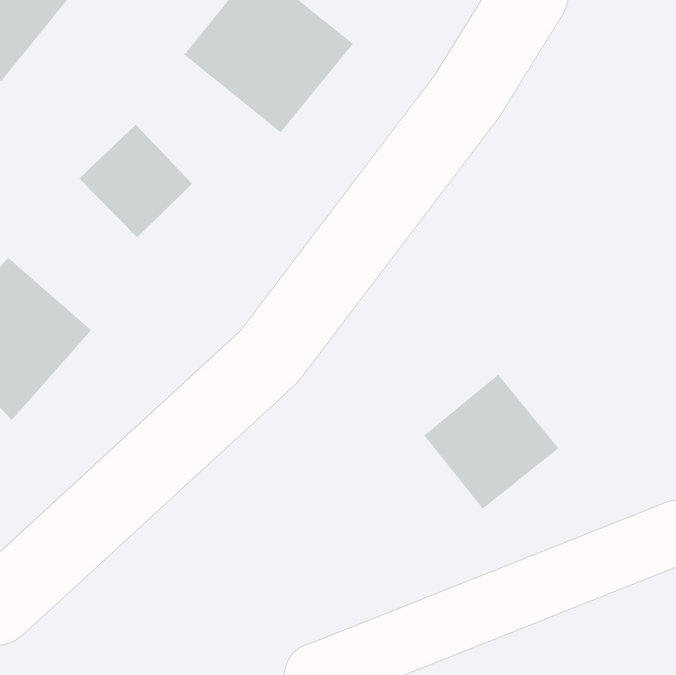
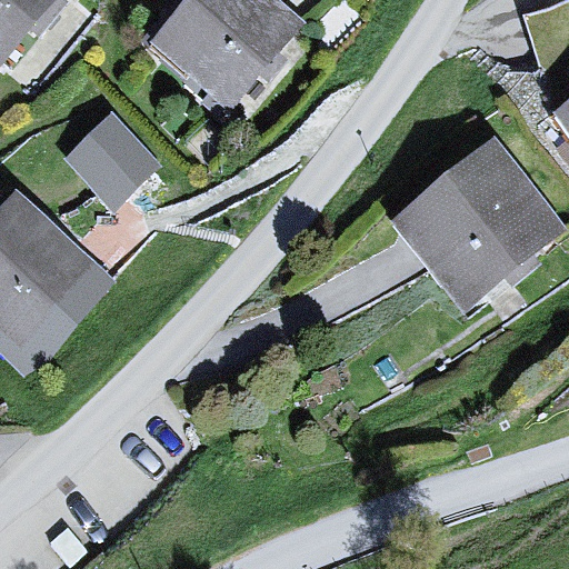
building: none -> [407,171,548,310]
building: [424,374,559,509] -> none

